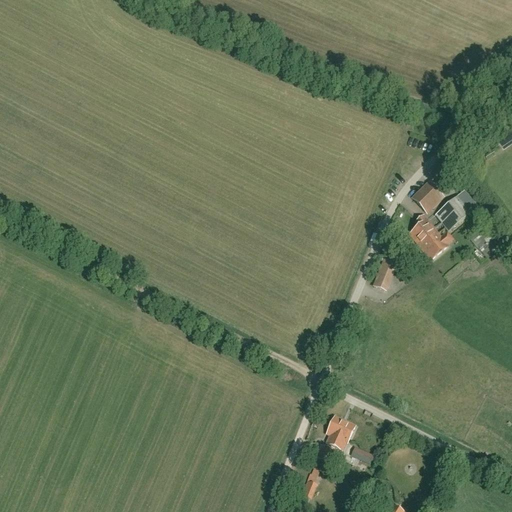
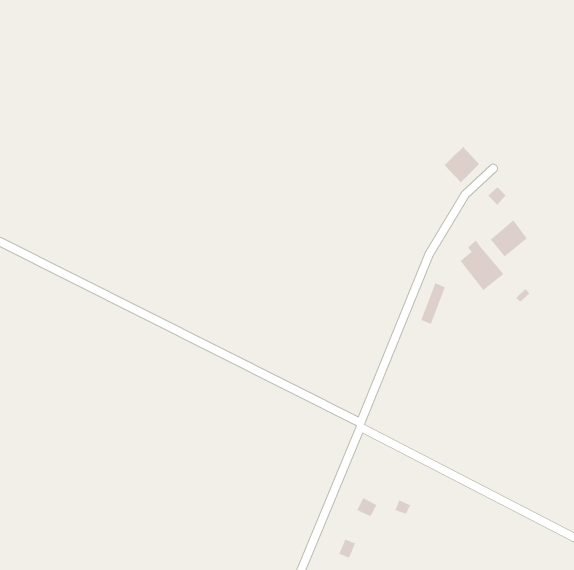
building: [412,179,444,212] -> [444,146,480,183]
building: [327,415,355,449] -> none

